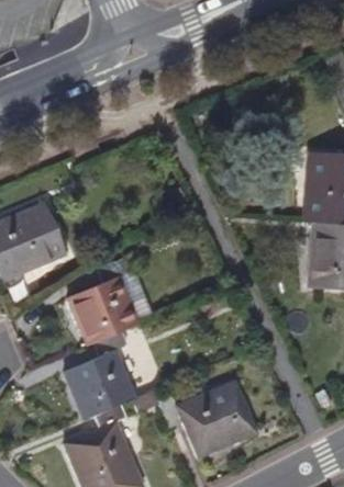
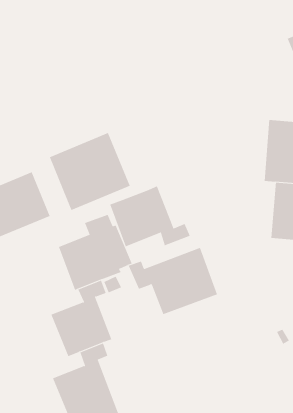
building: none -> [49,132,131,211]
building: none -> [110,186,191,247]
building: [157,378,259,455] -> [128,247,218,315]

